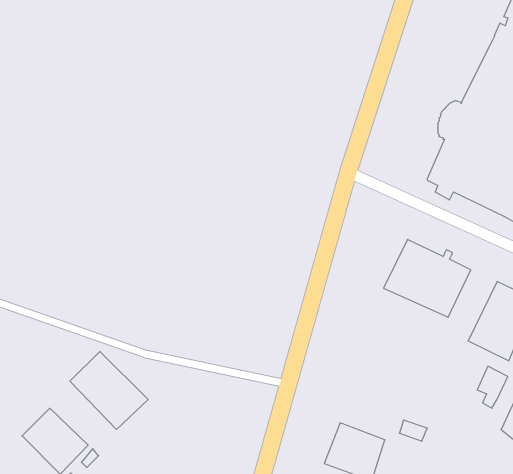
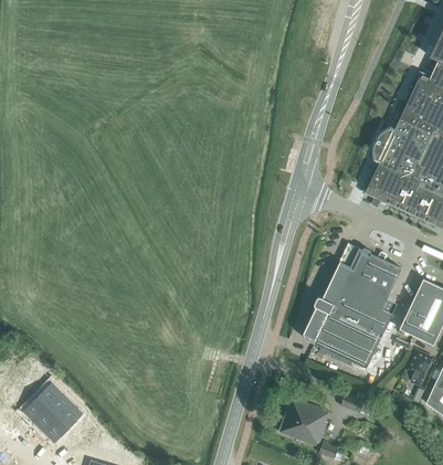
building: none -> [303,285,392,369]
building: [70,351,148,429] -> none

